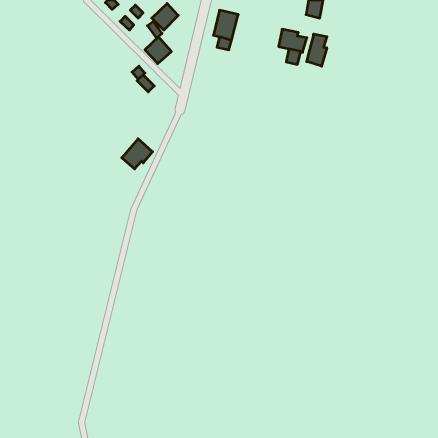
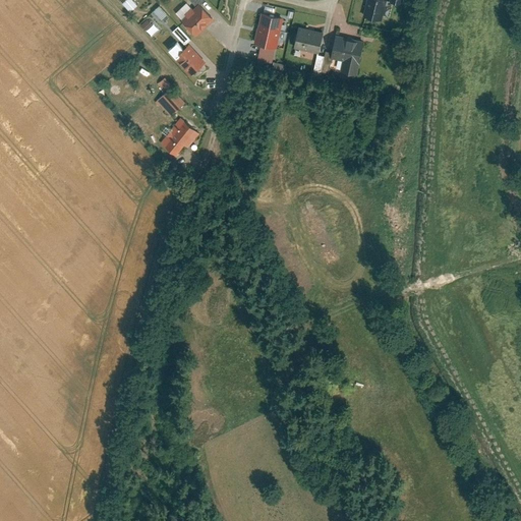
building: none -> [293,27,324,54]
building: [307,34,327,66] -> none
building: [122,139,153,169] -> [162,119,198,155]

